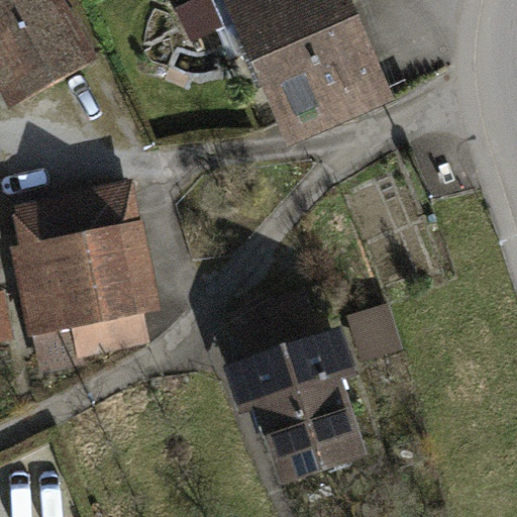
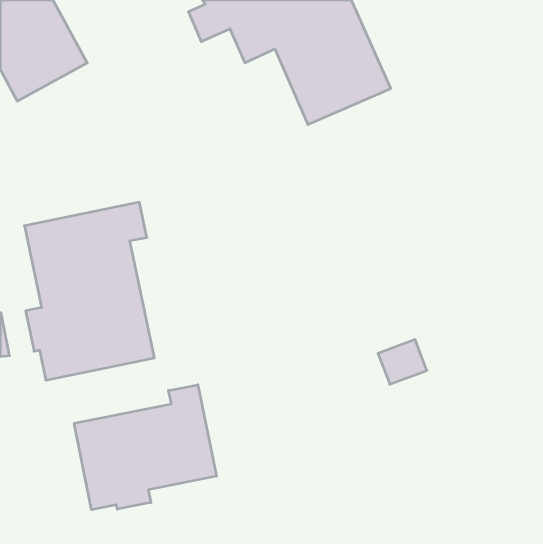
building: [241,308,357,475] -> none
building: none -> [74,385,216,510]

